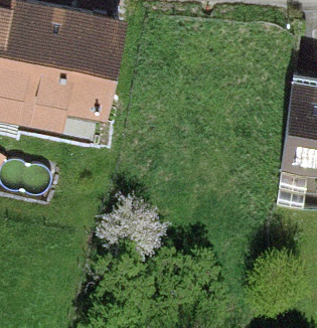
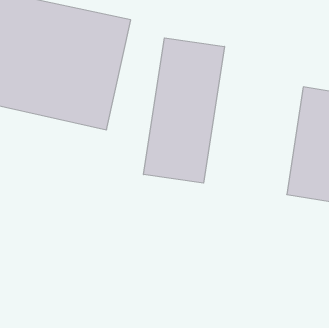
building: none -> [144,38,224,183]

